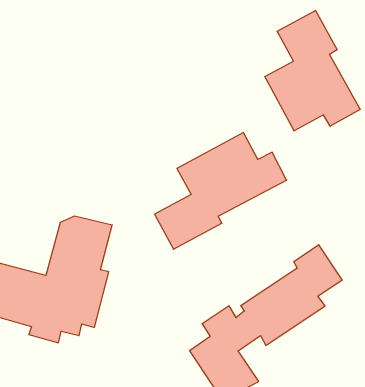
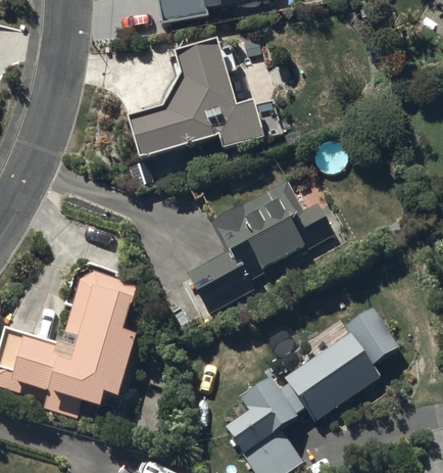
building: [265,10,360,131] -> none
building: none -> [127,43,284,162]

